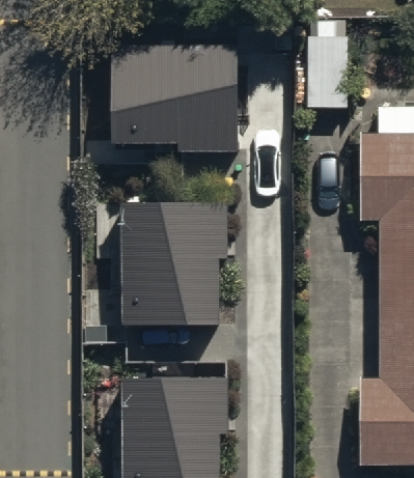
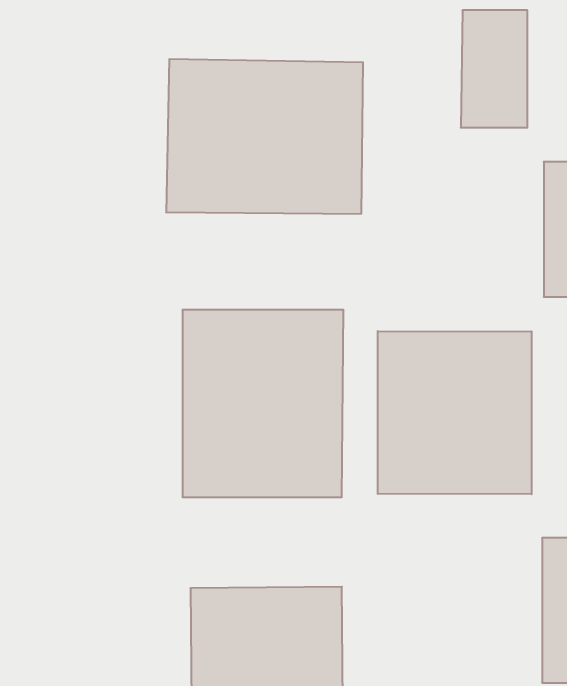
building: none -> [378,331,532,494]

